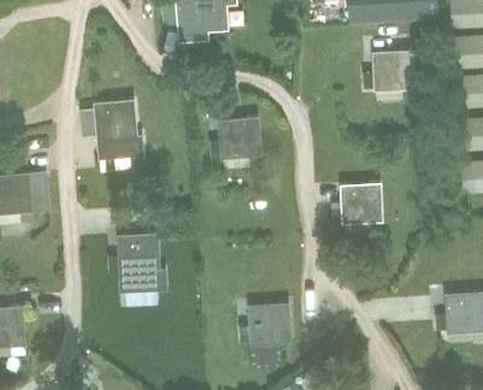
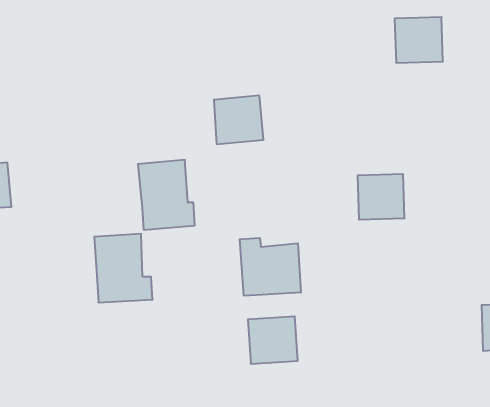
building: [93,101,141,160] -> [138,160,195,230]
building: none -> [240,238,301,296]

